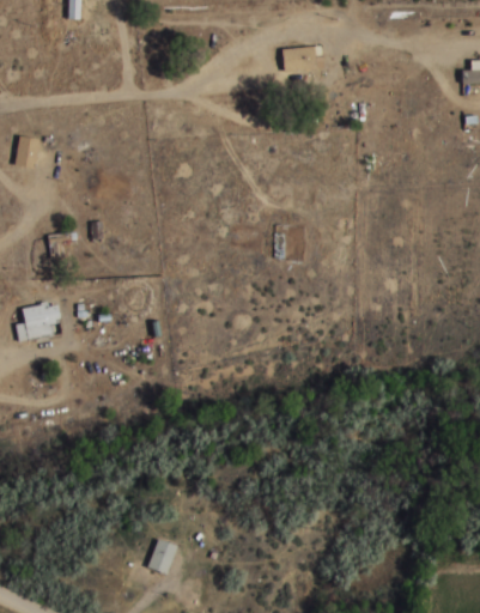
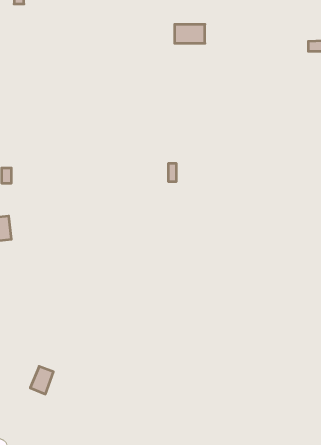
building: [146,536,177,573] -> [30,366,53,394]

